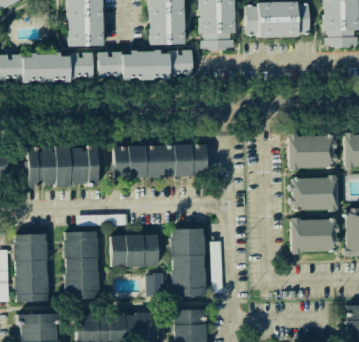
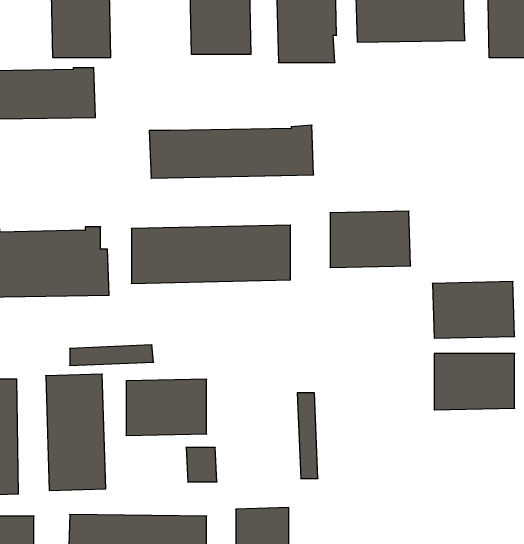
building: [97,49,193,80] -> [149,125,314,178]
building: [289,135,336,168] -> [330,211,411,267]
building: [172,228,205,296] -> none

